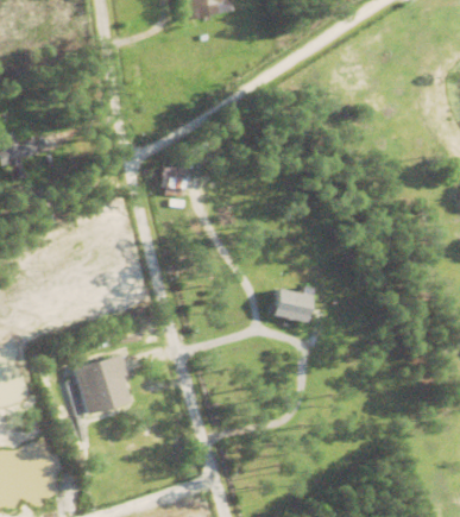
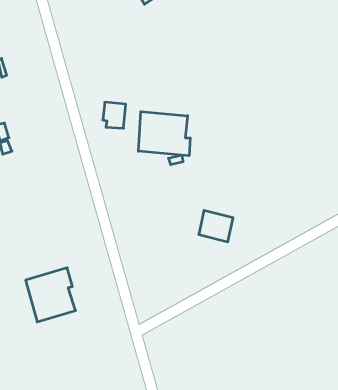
building: none -> [138,112,190,156]

